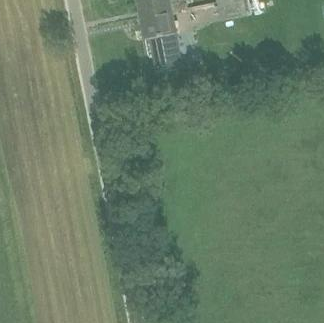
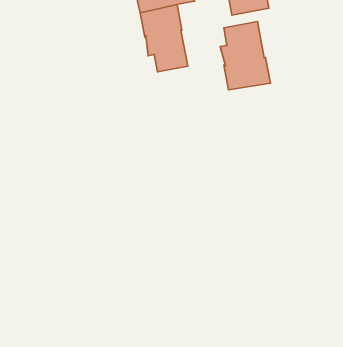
building: none -> [220,22,270,90]

